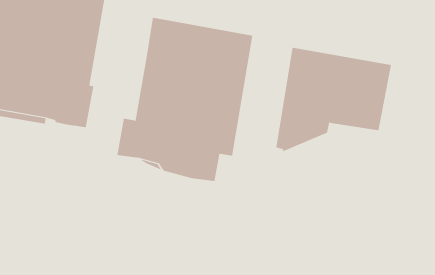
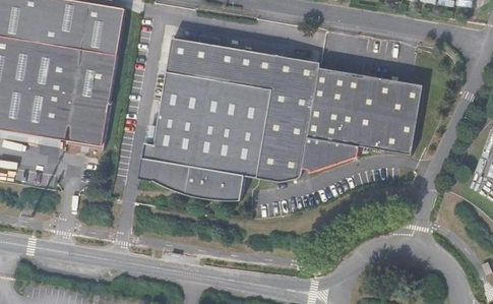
building: none -> [256,53,319,182]

